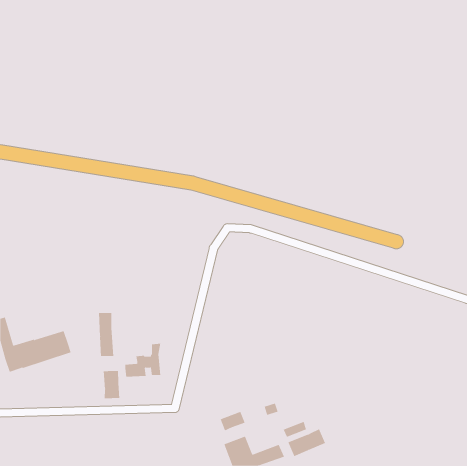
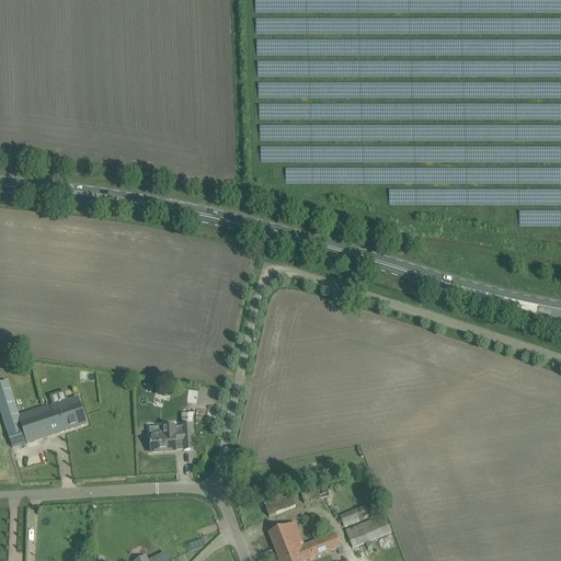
building: [98,312,114,357] -> none
building: [103,370,120,399] -> none

